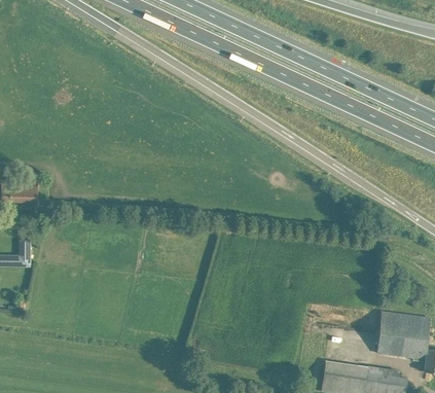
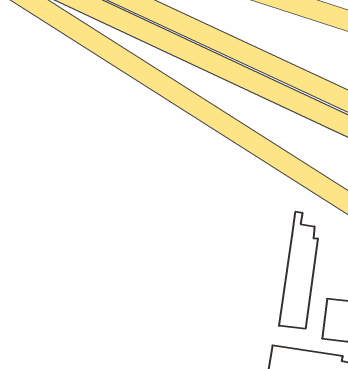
building: none -> [279,212,318,329]

